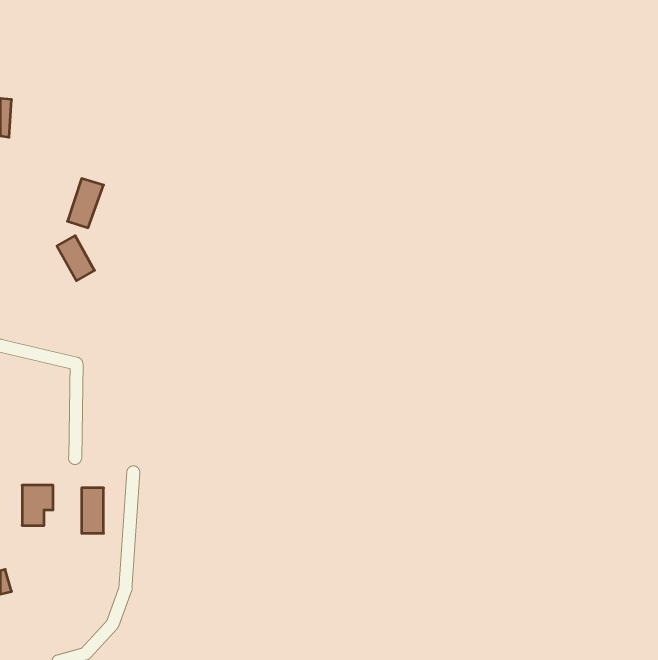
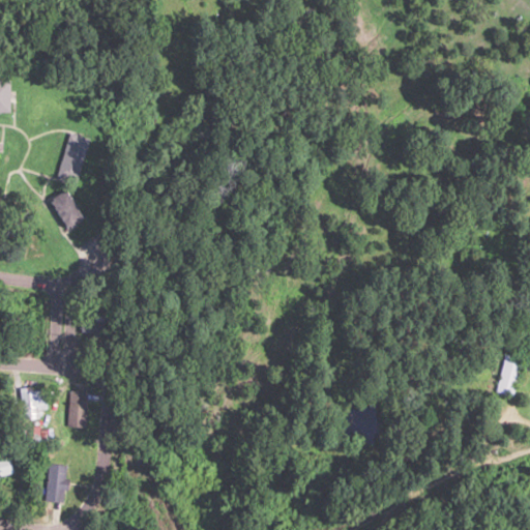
building: none -> [496,355,524,398]
building: none -> [47,465,65,502]

